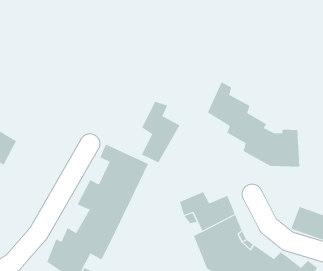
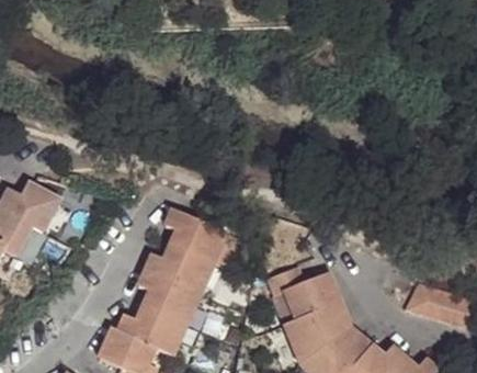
building: [207,82,300,168] -> none
building: [141,101,180,163] -> none

